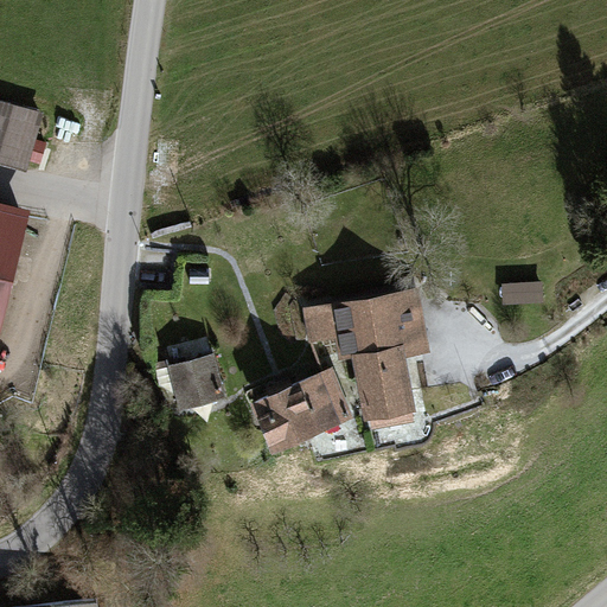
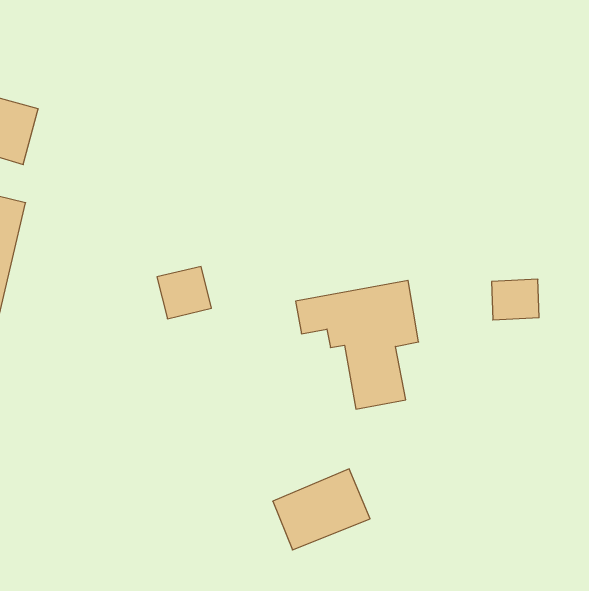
building: [168,353,224,407] -> [157,267,211,319]
building: [251,369,351,452] -> [273,469,370,550]

